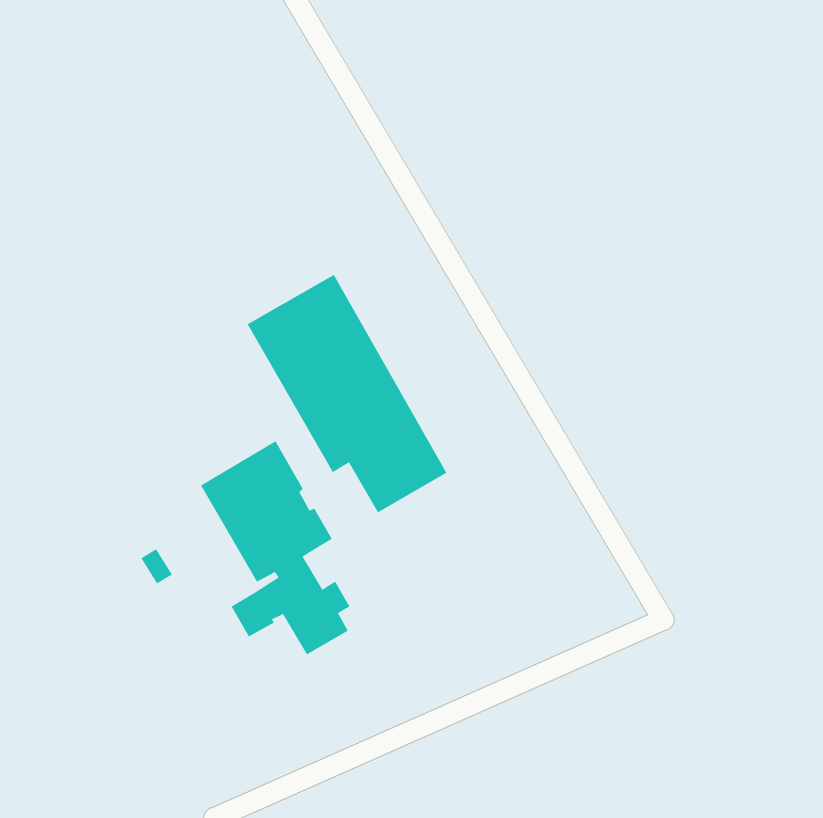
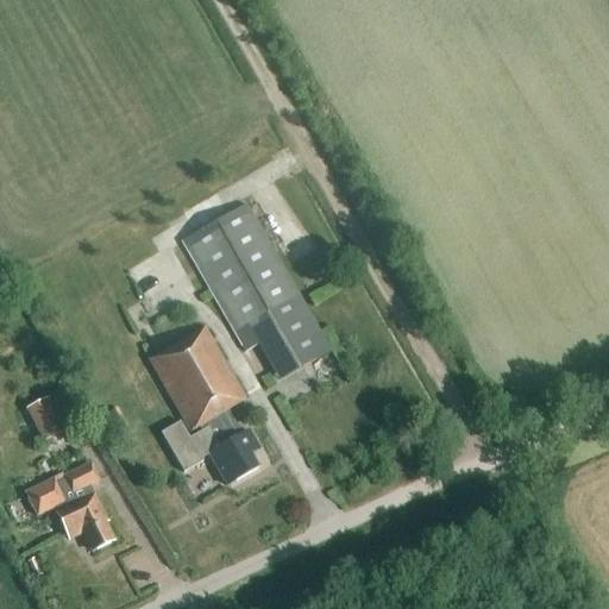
building: none -> [27,396,65,439]
building: none -> [25,460,113,548]

